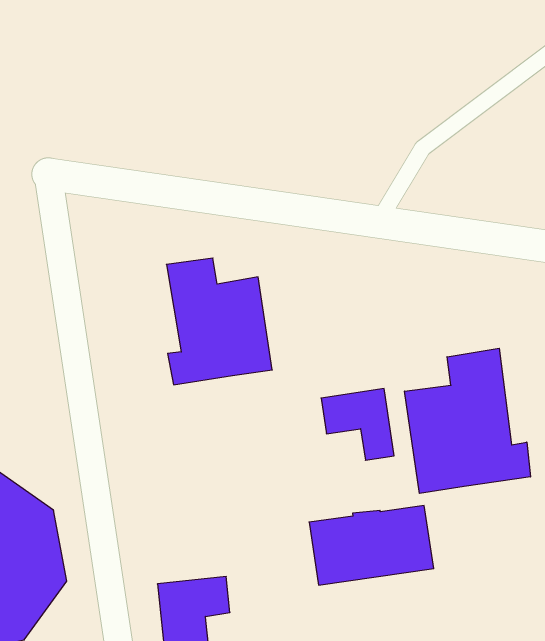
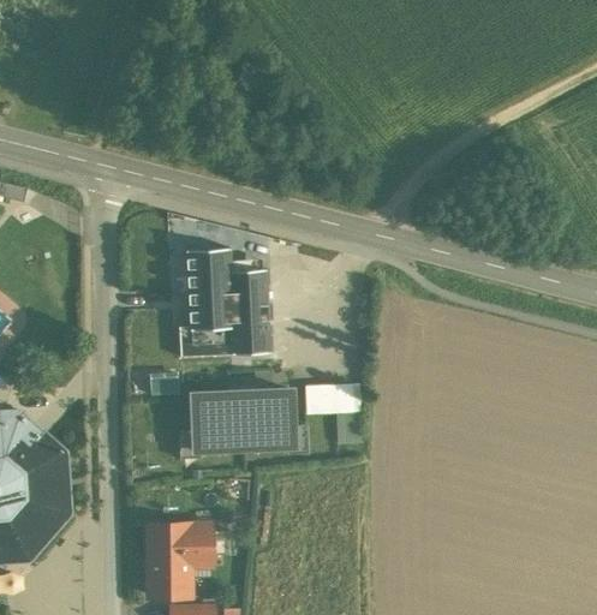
building: [405,348,530,493] -> none
building: [309,506,434,585] -> [190,390,293,449]

